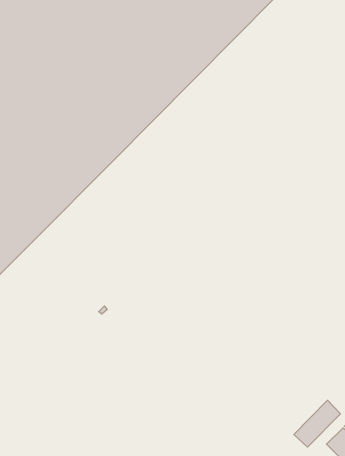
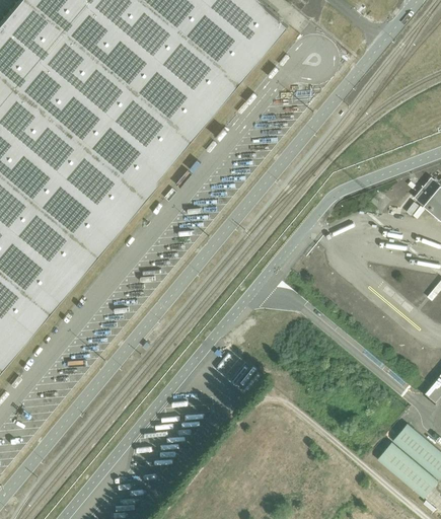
building: [294,400,340,447] -> none

